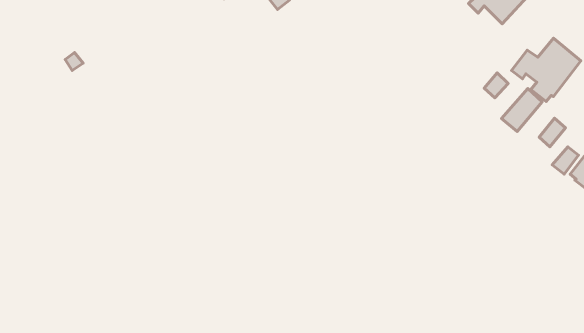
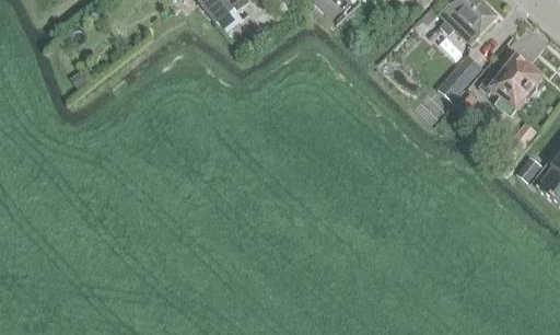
building: [502,89,542,132] -> [444,54,481,93]

